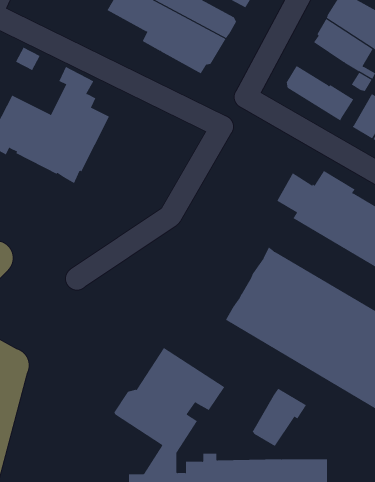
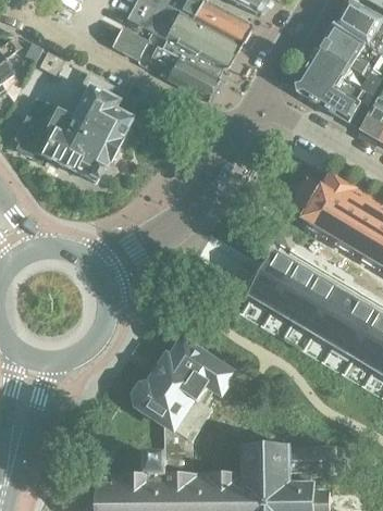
building: none -> [111,27,147,60]
building: none -> [148,45,218,100]
building: none -> [306,48,351,89]
building: [252,388,307,447] -> none

